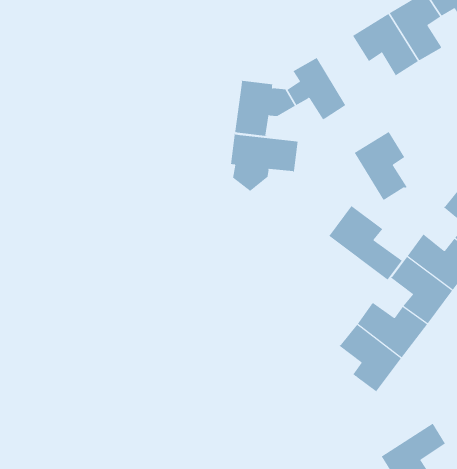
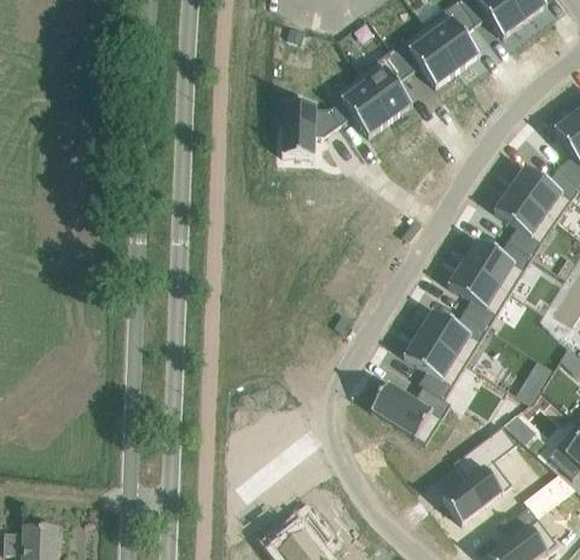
building: [354,131,408,201] -> [358,50,413,119]
building: [230,132,298,192] -> none
building: [328,205,403,280] -> none
building: none -> [371,382,451,443]

